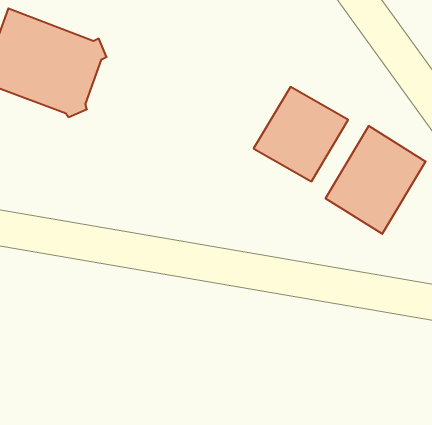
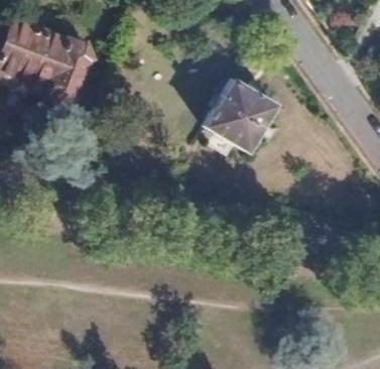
building: [326,126,426,234] -> none

